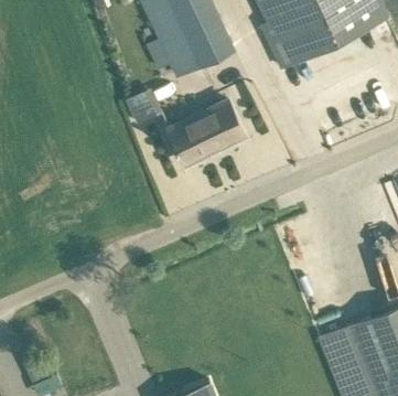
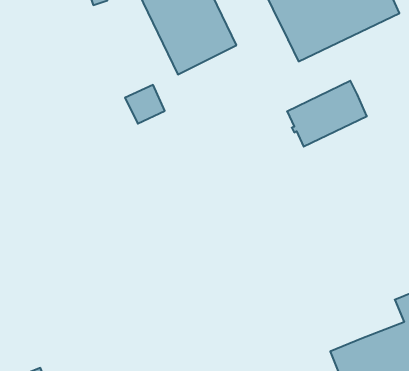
building: [171,104,246,165] -> [287,81,367,147]

